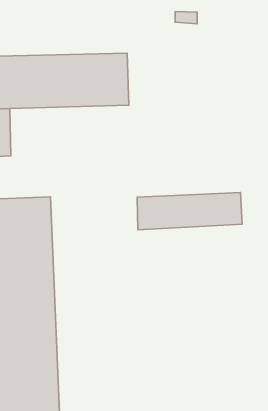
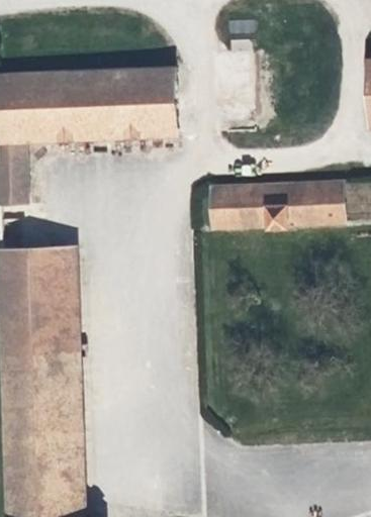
building: [137,192,242,230] -> [208,180,339,226]

